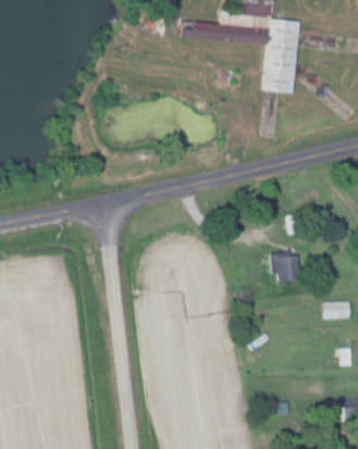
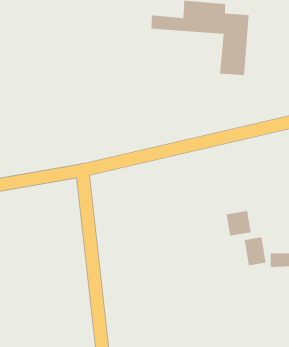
building: none -> [244,237,266,266]

